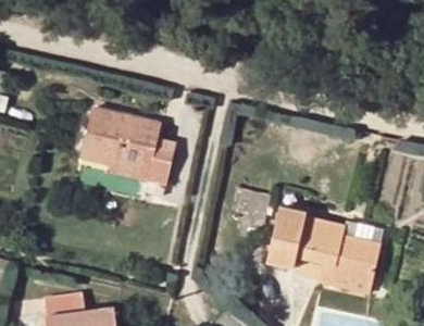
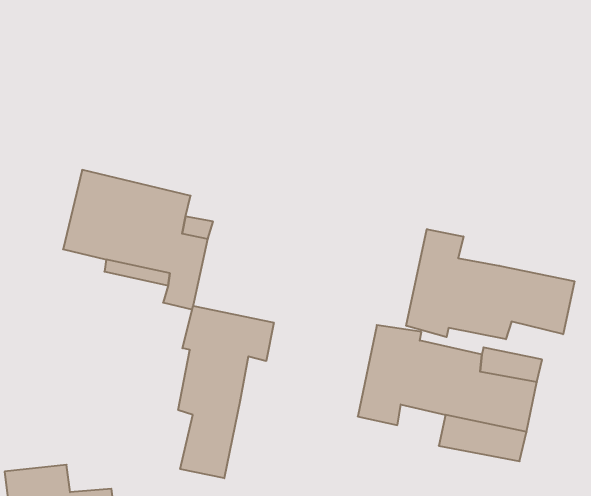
building: none -> [406,229,574,339]
building: none -> [178,306,274,478]

